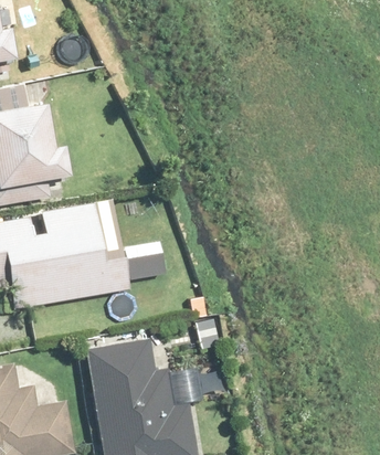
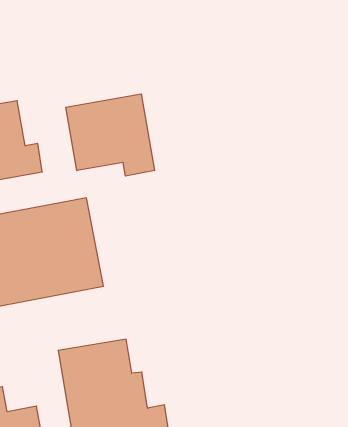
building: none -> [66,94,154,176]

